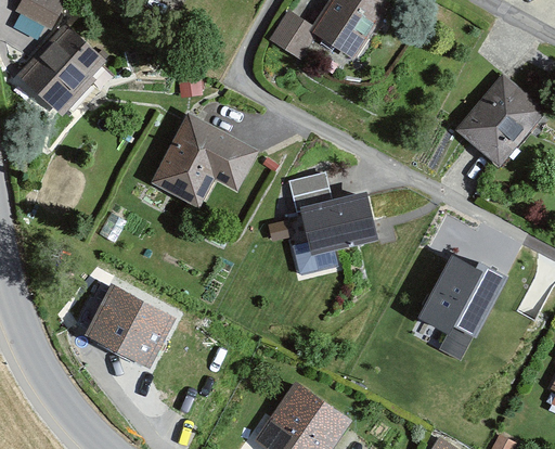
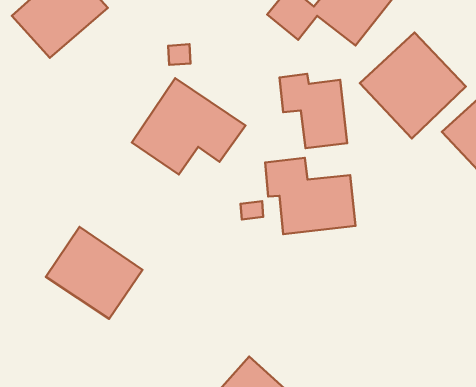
building: none -> [360,32,466,138]
building: none -> [279,74,347,148]
building: [412,259,500,363] -> none

